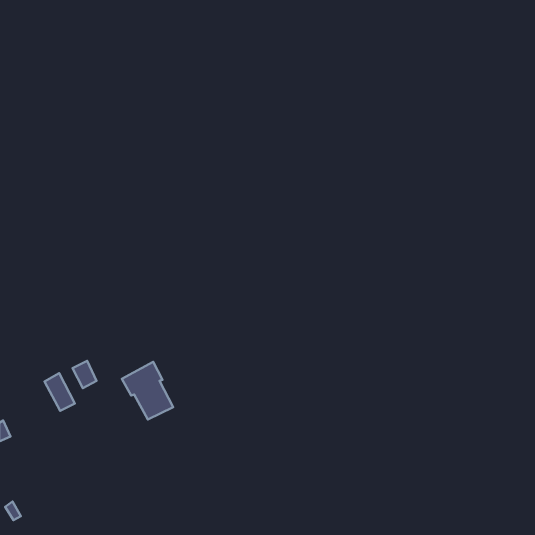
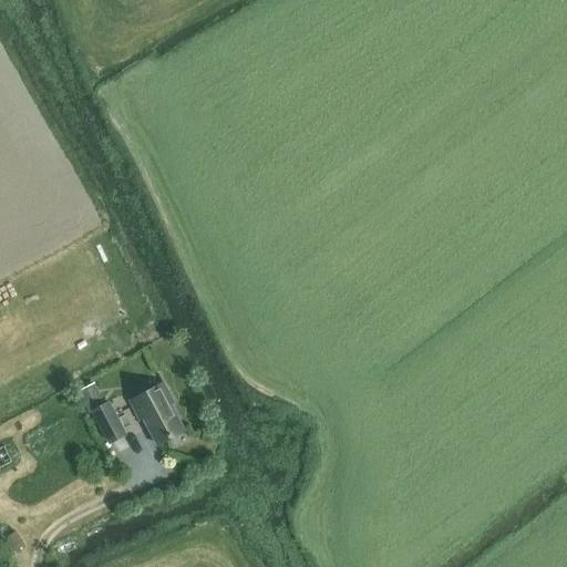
building: [44,373,75,411] -> [92,401,124,441]

